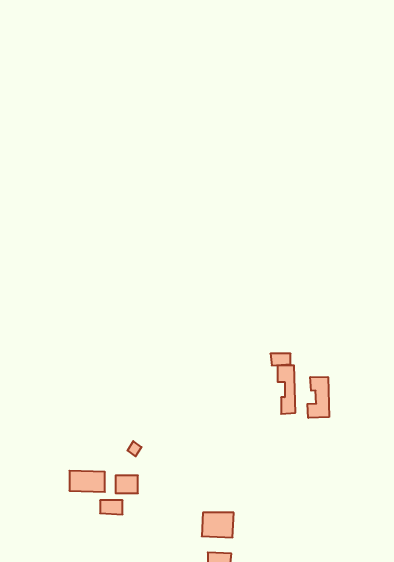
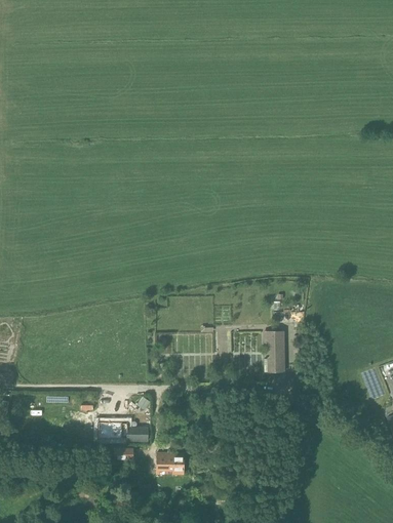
building: [307,377,329,418] -> none
building: [202,513,234,537] -> [157,452,185,474]

